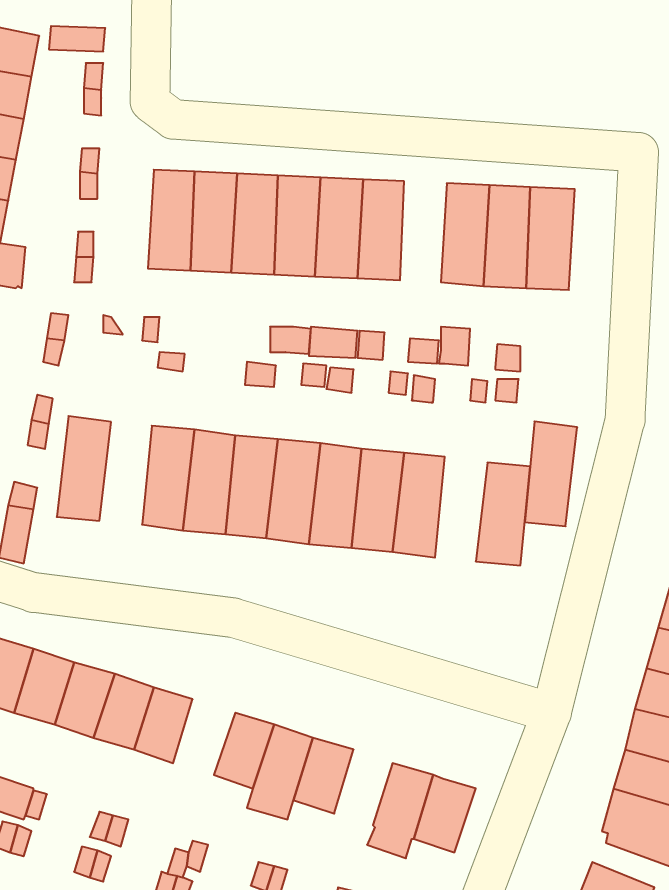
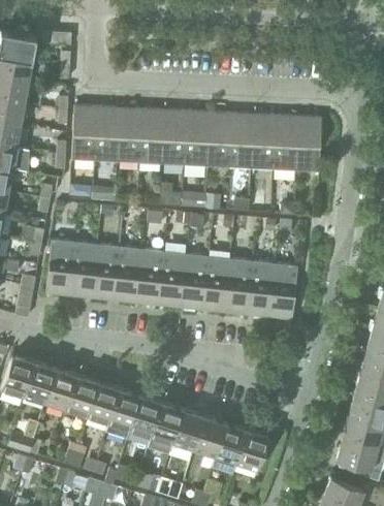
building: none -> [72,106,98,160]
building: none -> [229,114,254,167]
building: [525,421,577,526] -> [248,260,276,316]
building: none -> [69,242,97,296]
building: none -> [106,389,141,438]
building: none -> [194,416,225,456]

